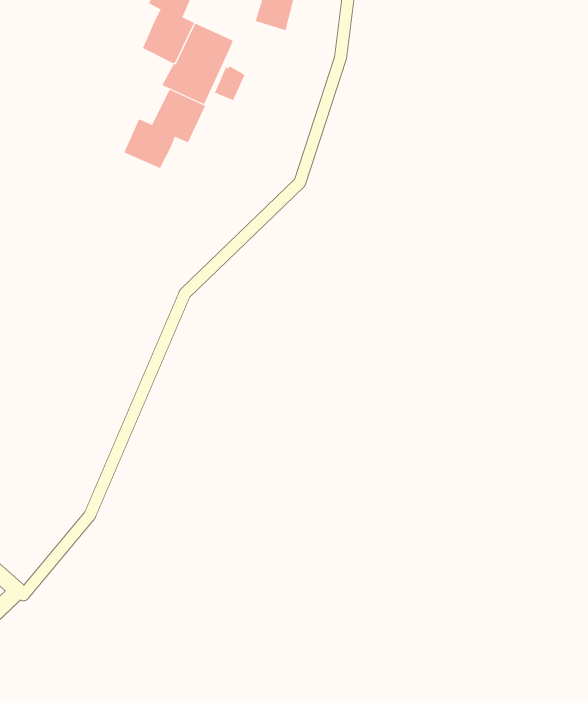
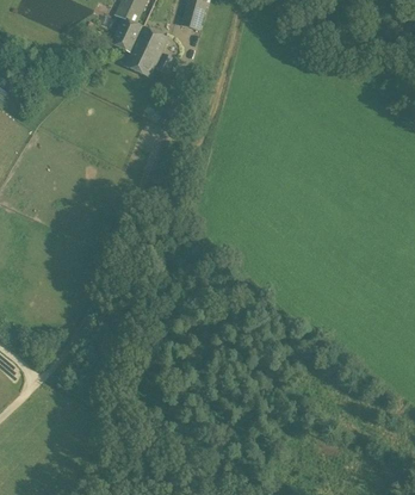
building: [124,89,206,169] -> none

